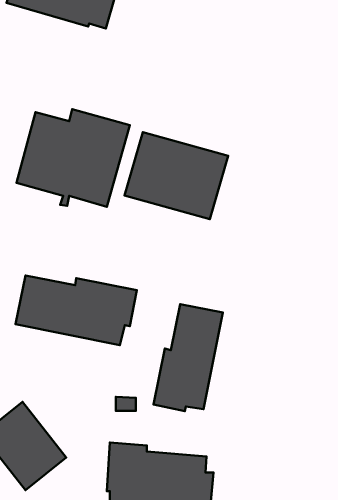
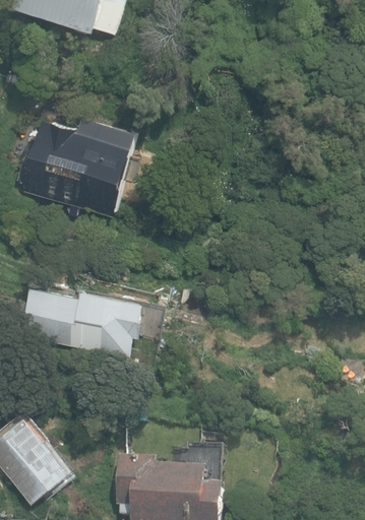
building: [124,132,228,219] -> none
building: [154,304,223,411] -> none

